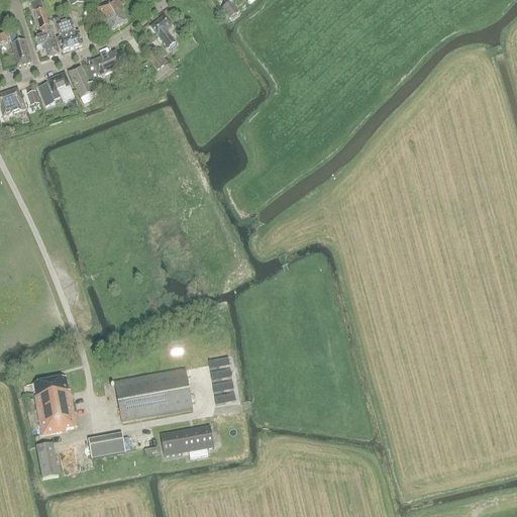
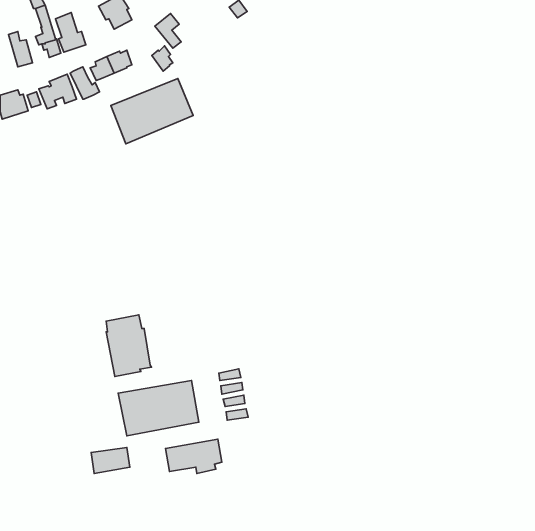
building: none -> [111,78,193,144]
building: [33,375,77,434] -> [106,315,151,377]
building: [35,442,58,478] -> none

